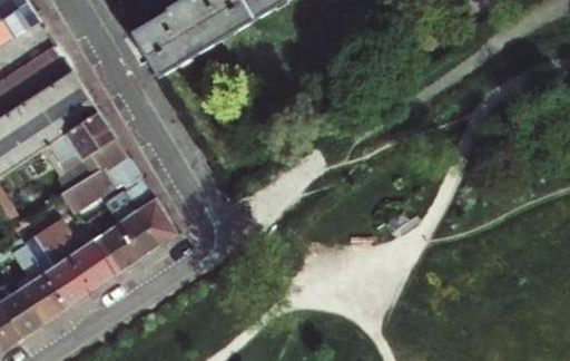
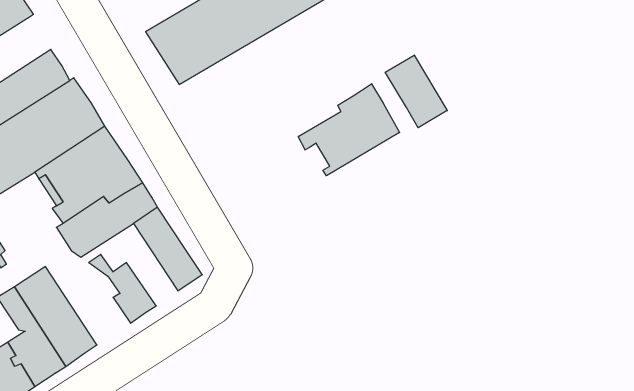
building: none -> [385,55,447,128]
building: none -> [298,84,400,176]
building: [101,189,157,257] -> none
building: [48,217,118,290] -> none

